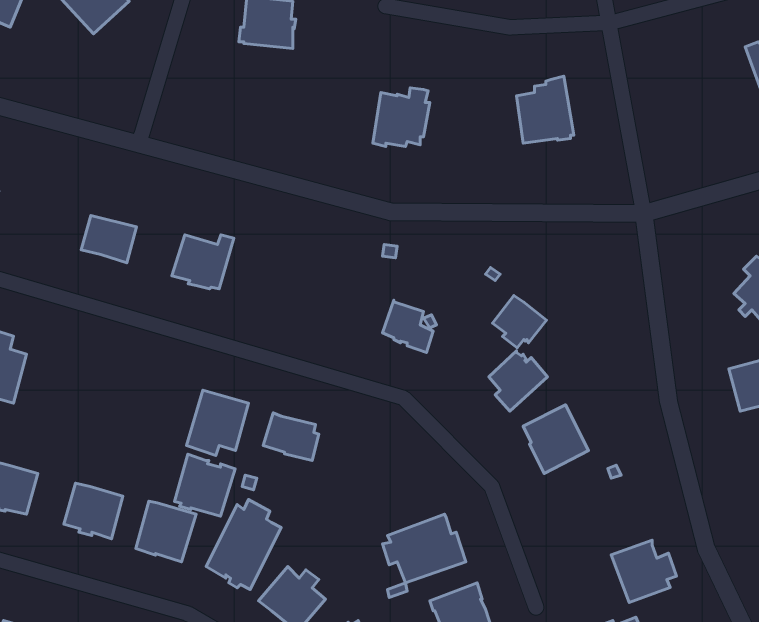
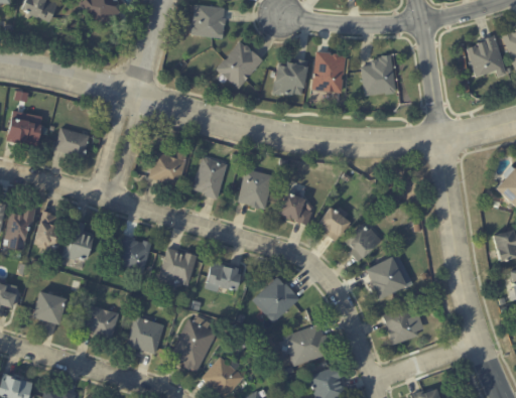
building: none -> [467,36,506,77]
building: none -> [216,42,262,90]
building: none -> [310,52,344,93]
building: [81,215,137,263] -> [54,127,89,156]
building: none -> [195,156,227,197]
building: none -> [239,168,273,207]
building: [493,296,547,348] -> [318,207,352,239]
building: none -> [62,219,95,259]
building: none -> [253,276,300,321]
building: [175,454,235,516] -> [115,233,152,271]
building: [611,540,677,602] -> [382,305,422,344]

